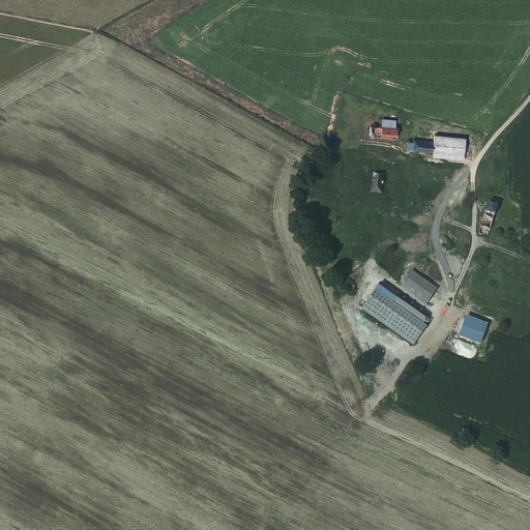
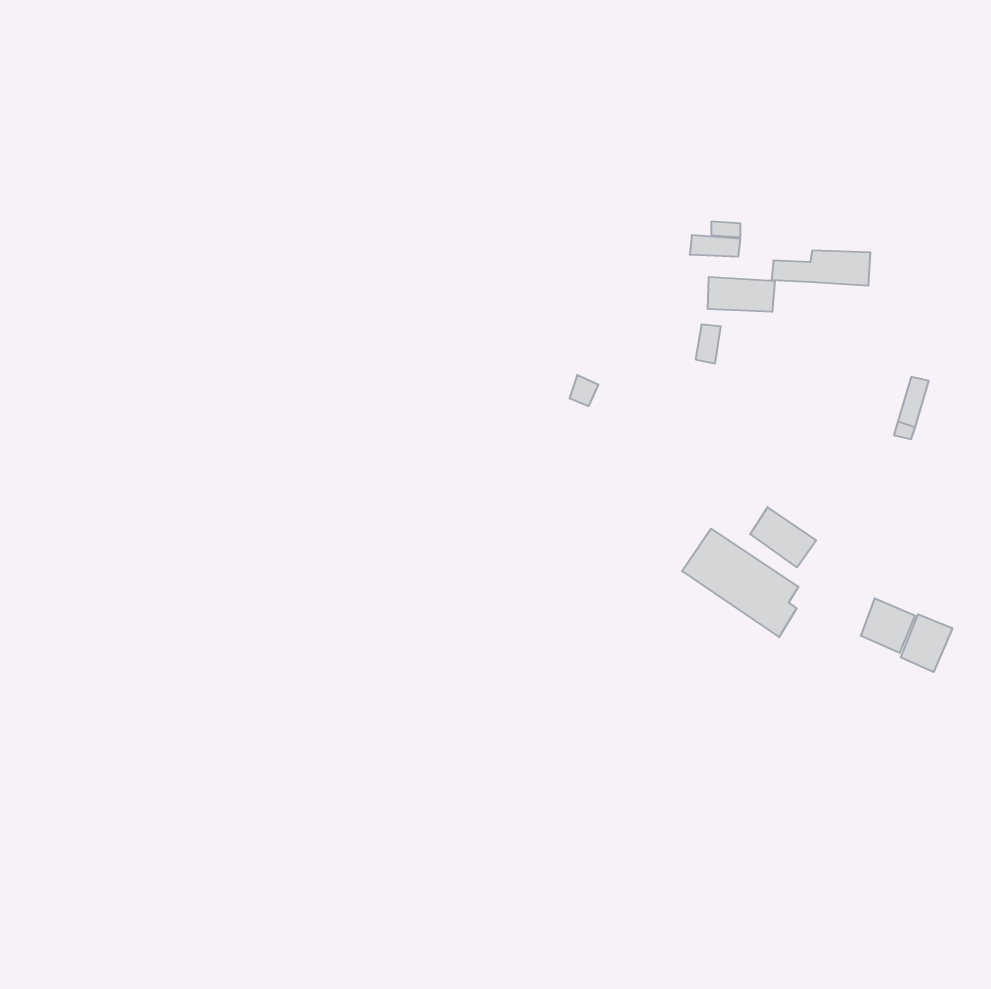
building: none -> [708,277,775,312]
building: none -> [901,614,952,672]

